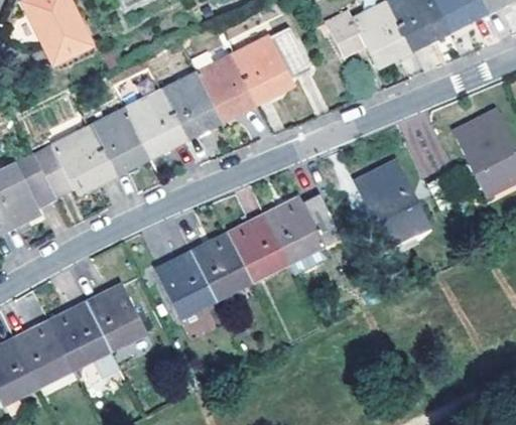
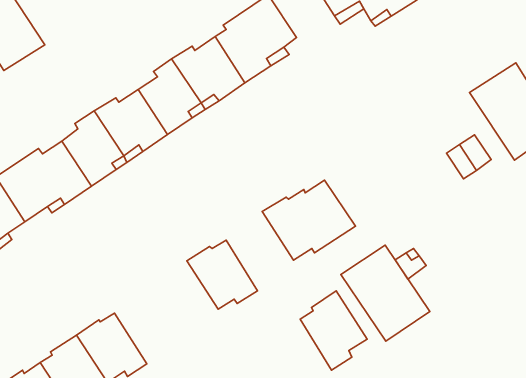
building: [354,160,427,244] -> [341,245,430,341]
building: [227,214,283,282] -> [300,291,367,370]
building: [155,249,213,317] -> none

